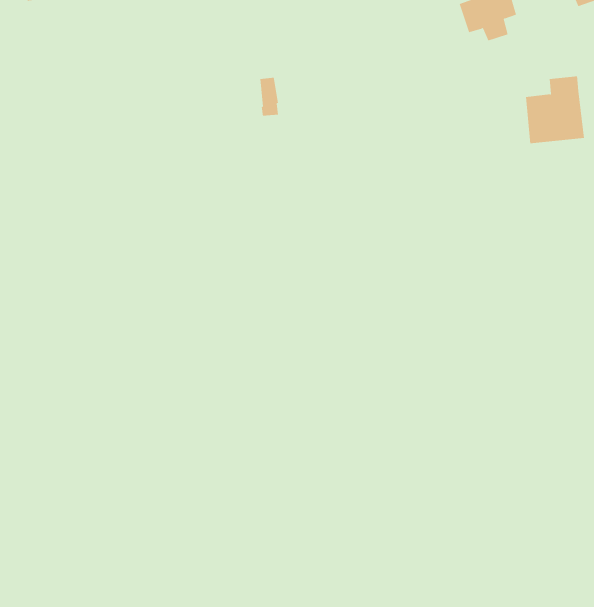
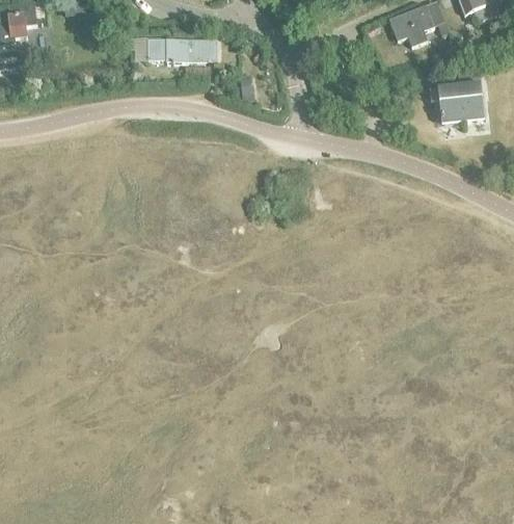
building: none -> [150,37,217,61]

